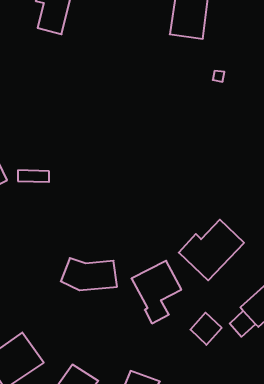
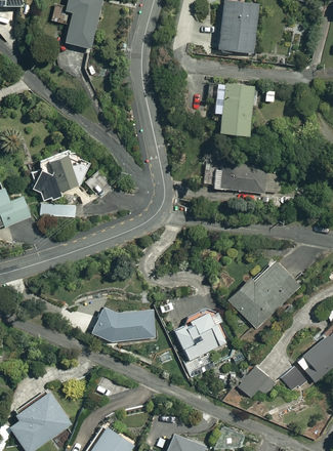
building: none -> [211,82,256,135]
building: none -> [31,148,90,202]
building: none -> [215,162,269,194]

